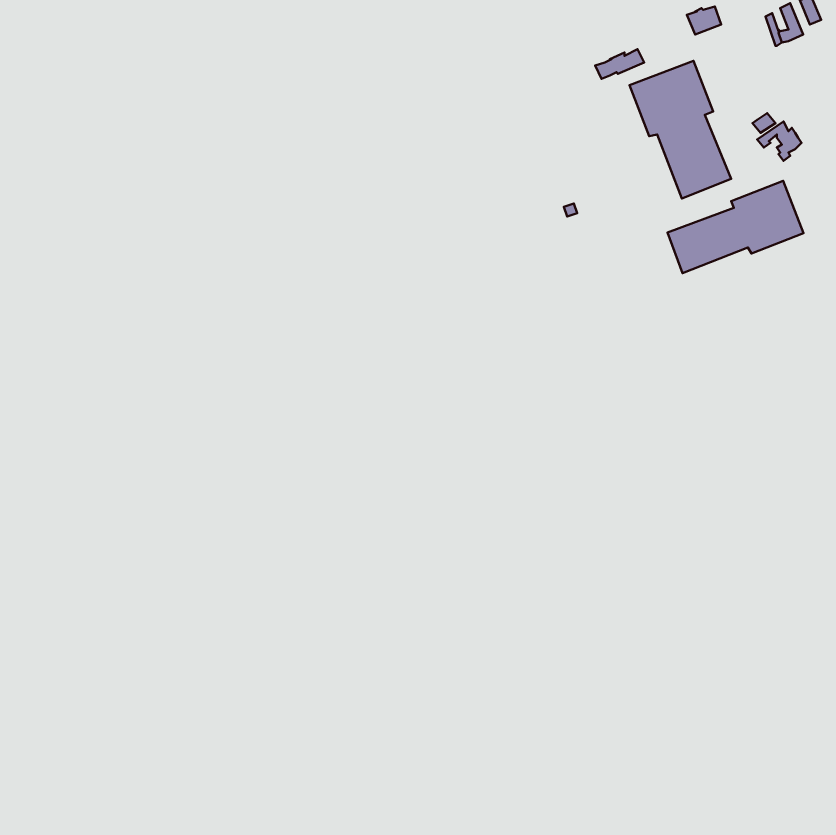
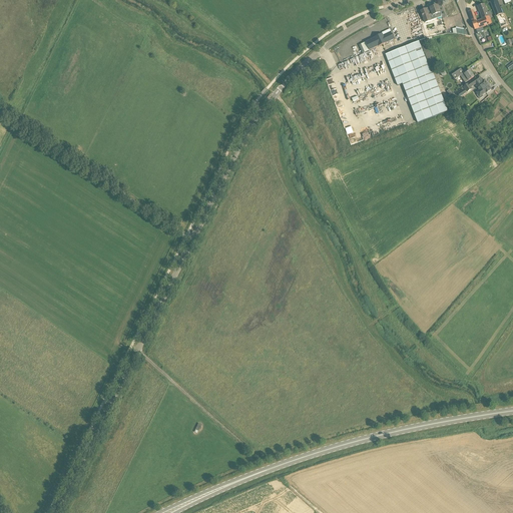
building: [667,181,804,273] -> none

